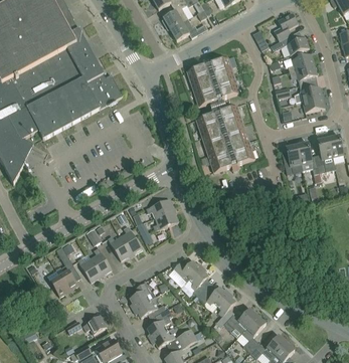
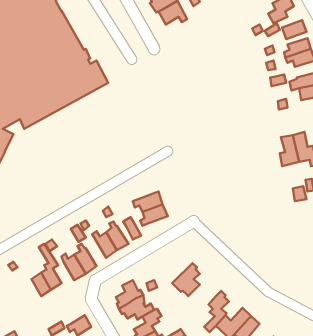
building: [187,56,240,106] -> none
building: [196,105,255,171] -> none
building: [168,258,202,286] -> none
building: [198,285,229,310] -> none

